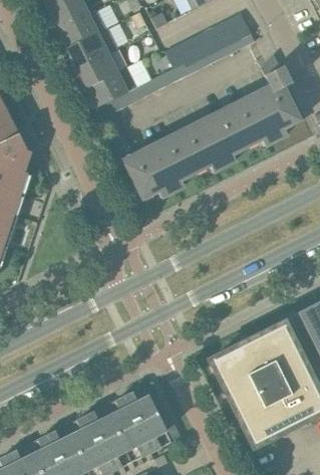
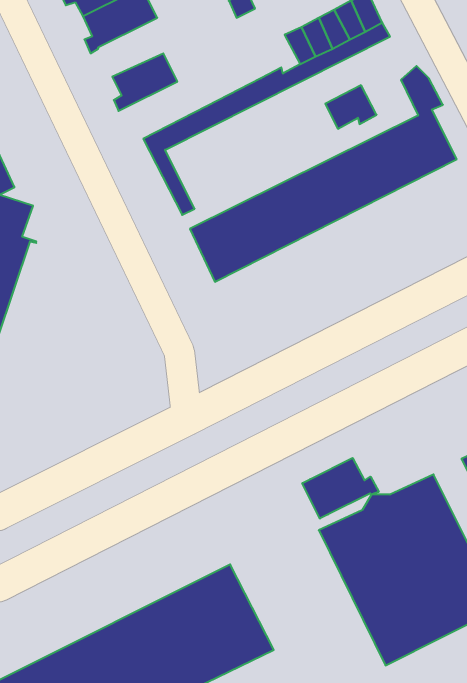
building: [62,25,118,65] -> none
building: [165,38,198,66] -> [325,85,377,129]
building: [80,64,137,105] -> none
building: none -> [302,458,379,519]

